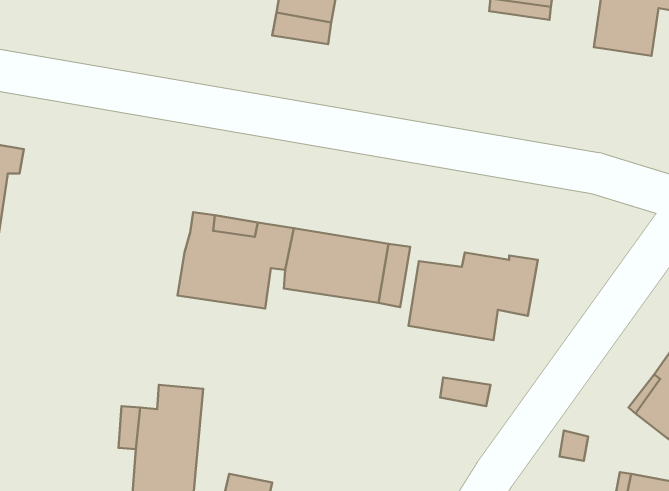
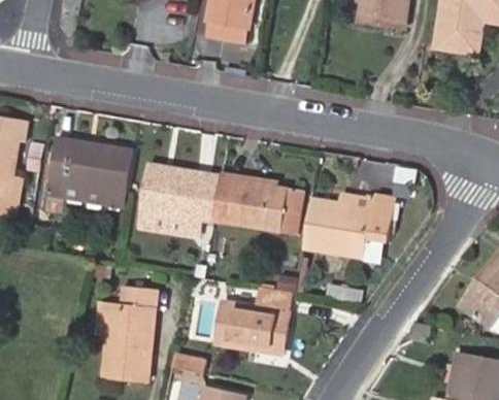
building: none -> [49,138,133,204]
building: none -> [217,288,293,354]

